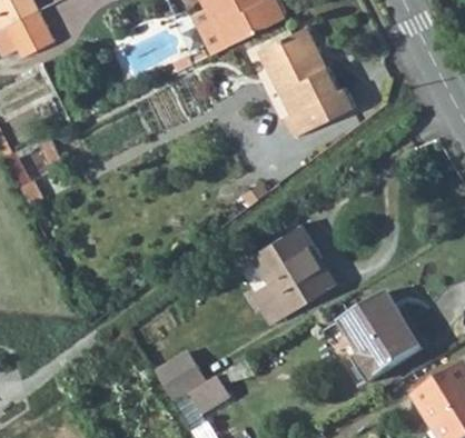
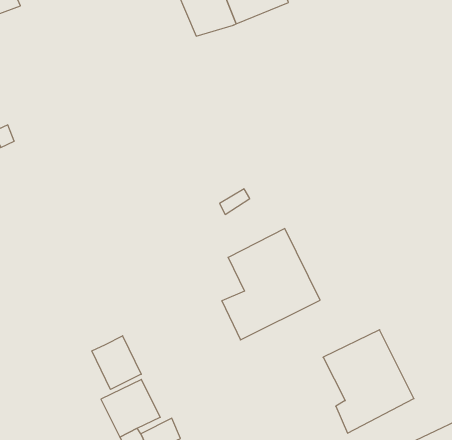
building: [261,27,357,136] -> none
building: none -> [92,336,141,389]

